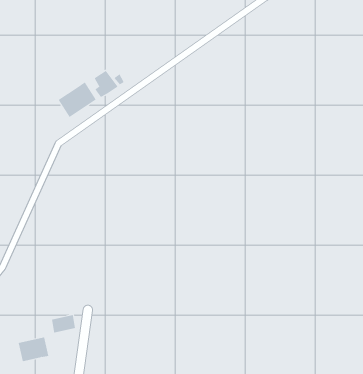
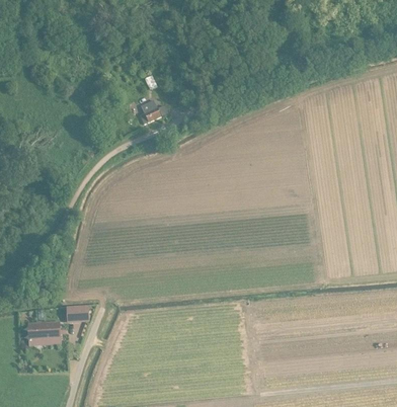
building: [58,81,96,118] -> none

